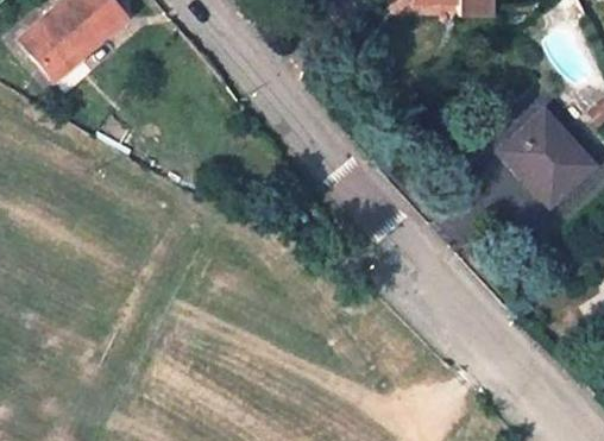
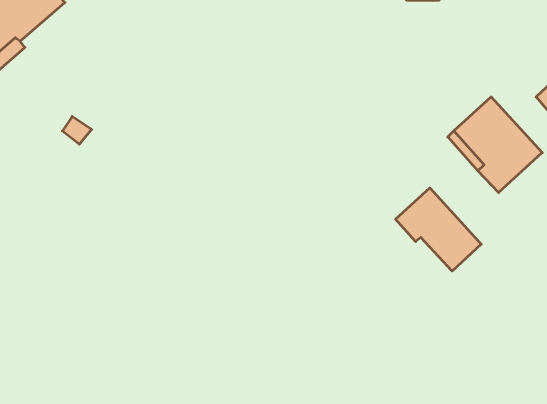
building: none -> [396,188,481,271]

